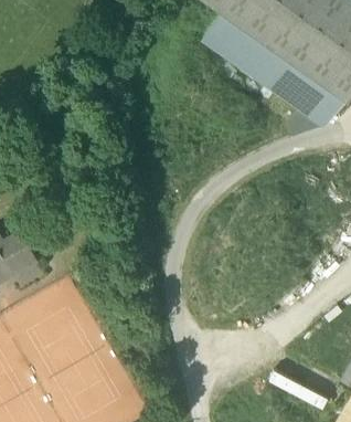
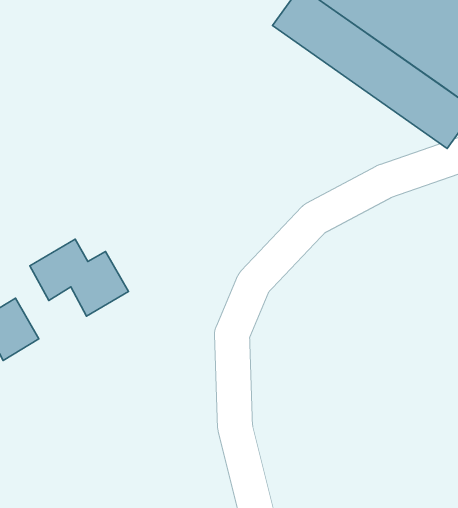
building: none -> [30,239,128,316]

